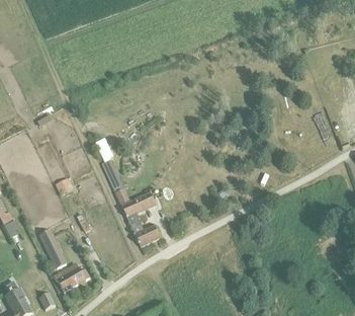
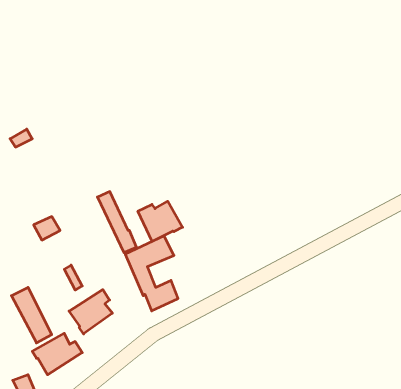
building: none -> [138,201,183,241]
building: none -> [69,290,112,334]

